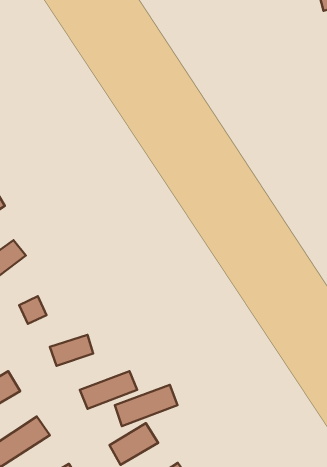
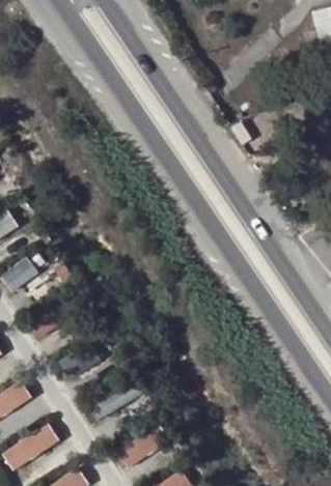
building: [115,385,178,426] -> none

